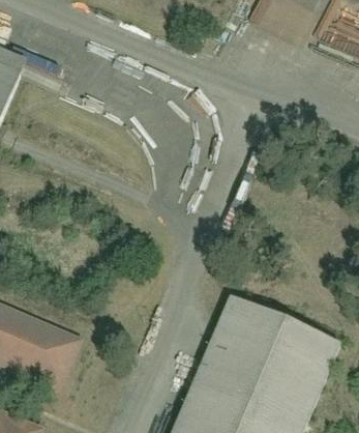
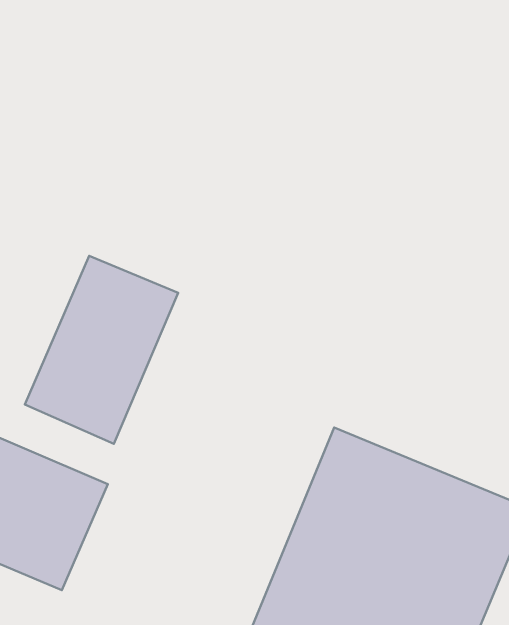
building: none -> [25,256,178,444]

